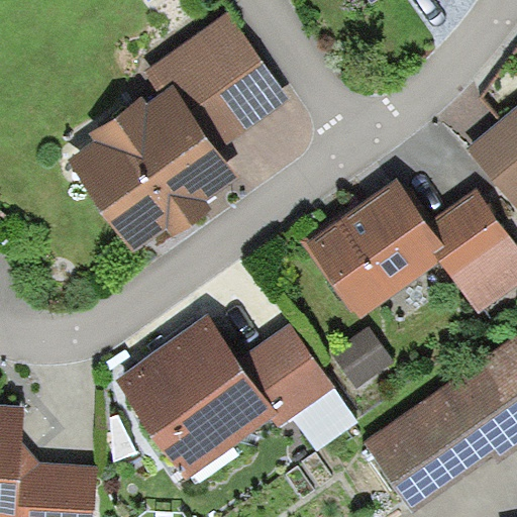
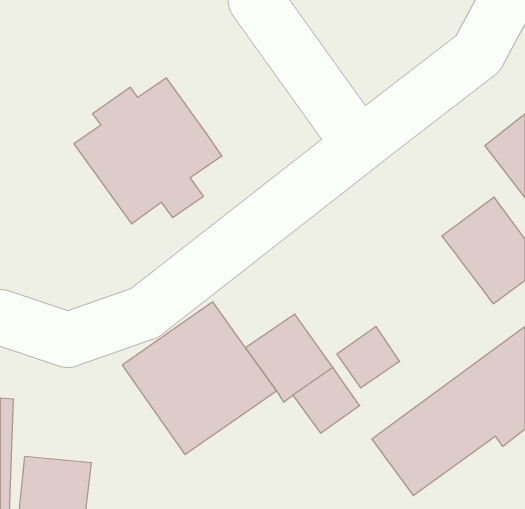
building: [152,30,267,146] -> none
building: [322,203,444,318] -> none

